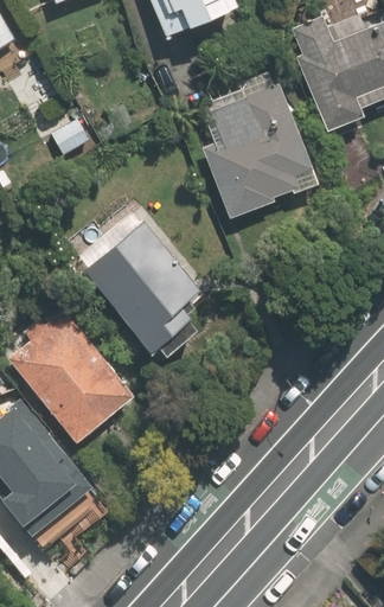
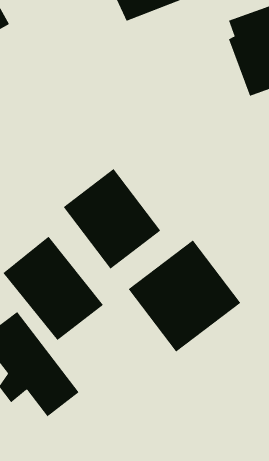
building: [201,83,318,218] -> none
building: none -> [128,239,241,352]

